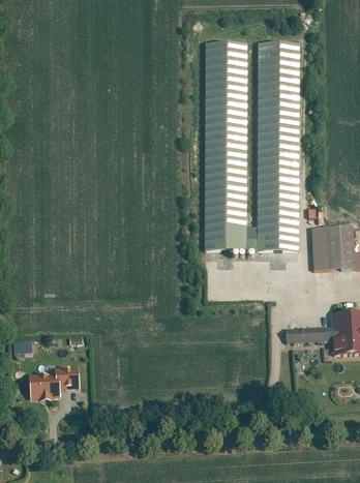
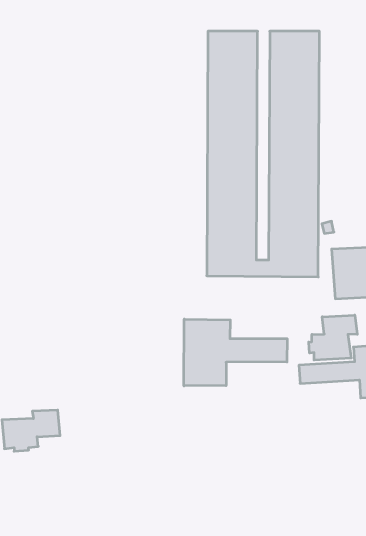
building: none -> [309,315,357,360]
building: none -> [184,319,287,386]

